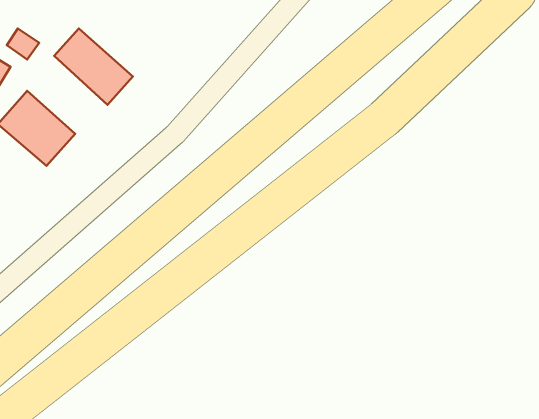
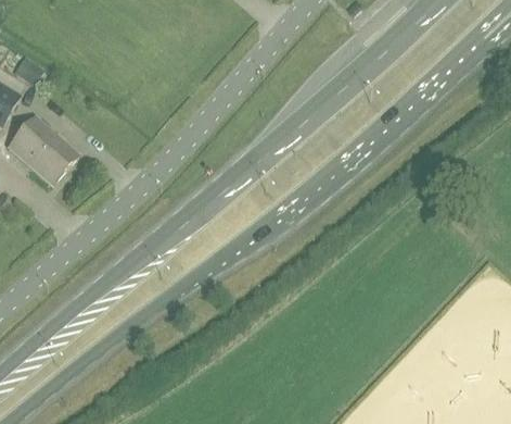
building: [54,28,133,105] -> none

